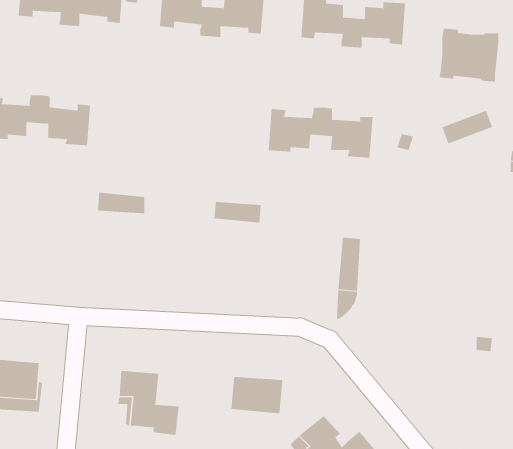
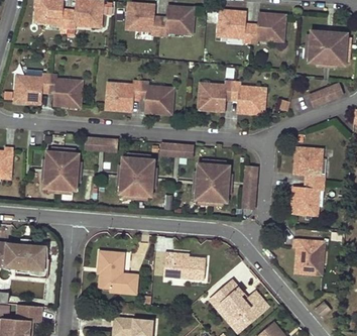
building: none -> [104,80,172,113]
building: none -> [289,145,325,215]
building: none -> [43,150,78,190]
building: none -> [119,156,153,195]
building: none -> [194,161,229,201]
building: none -> [292,238,323,274]

